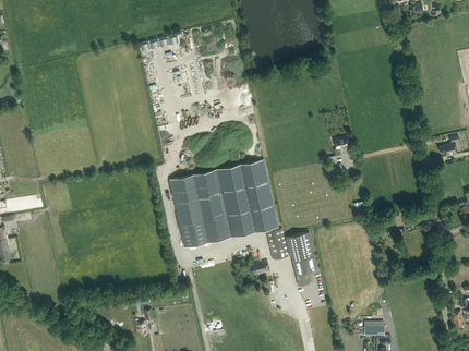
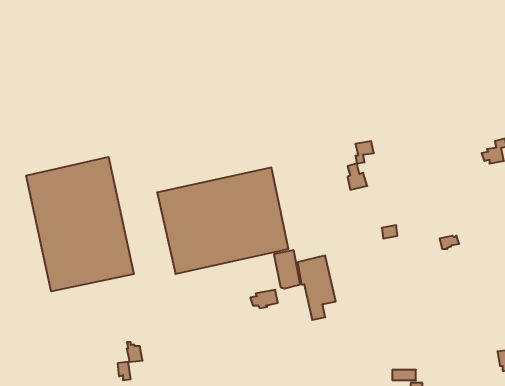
building: none -> [26,157,134,291]

